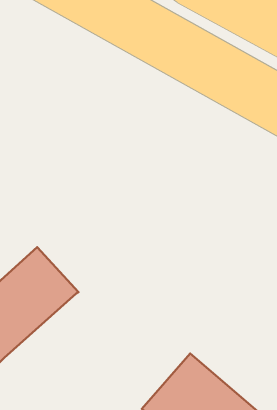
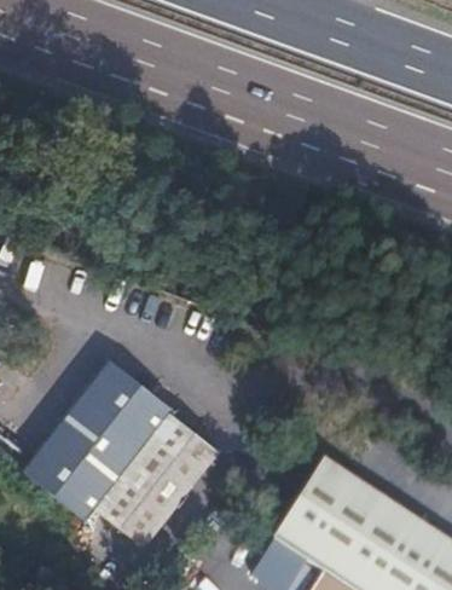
building: none -> [91,412,220,549]

